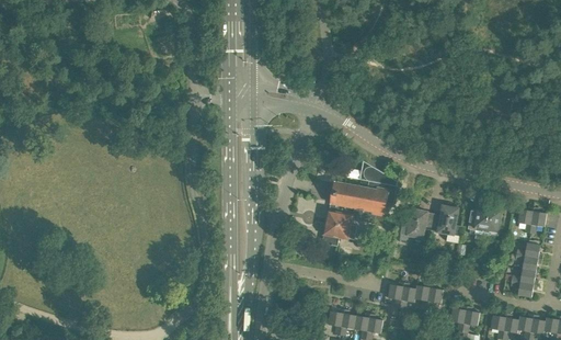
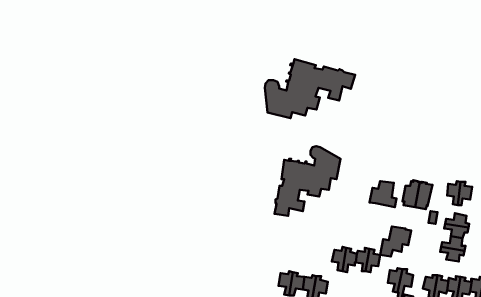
building: none -> [265,59,355,118]
building: [398,209,433,243] -> [380,227,411,257]

